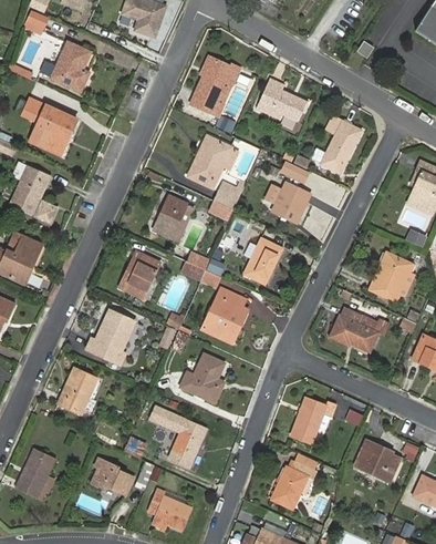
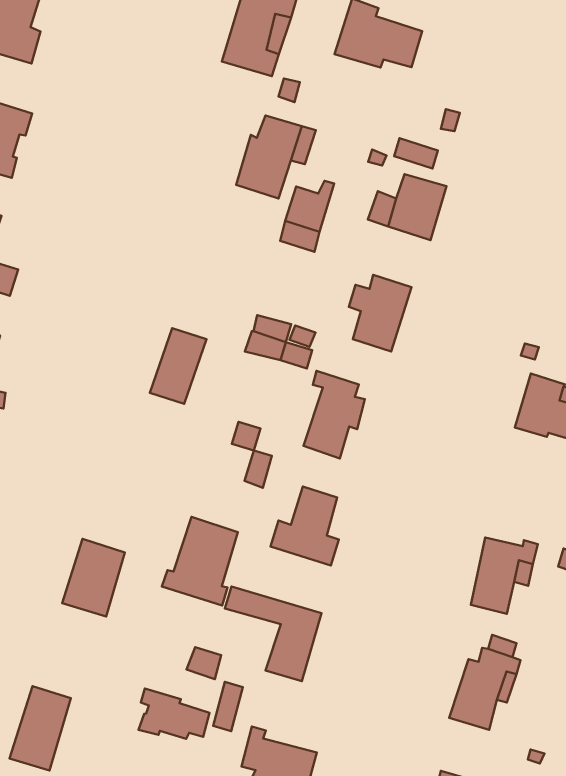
building: [321,116,362,173] -> none
building: [154,196,194,240] -> none
building: [87,310,135,363] -> [162,517,238,605]

